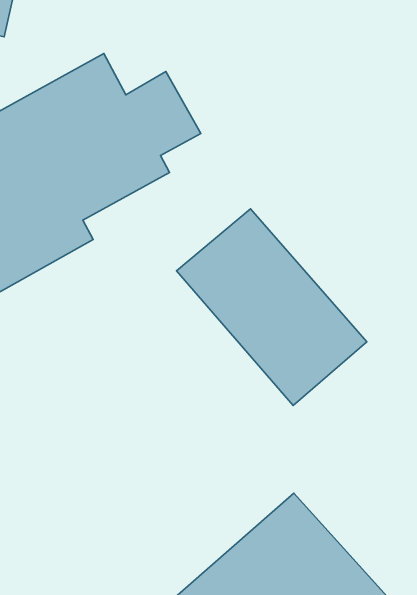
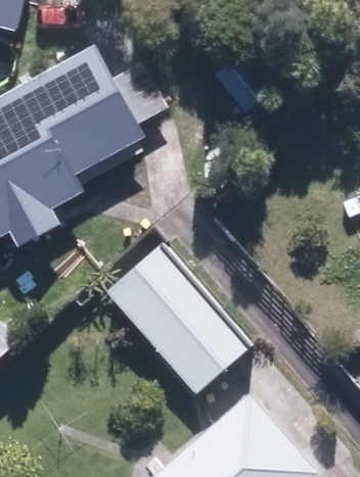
building: [177,209,367,405] -> [102,243,253,398]

